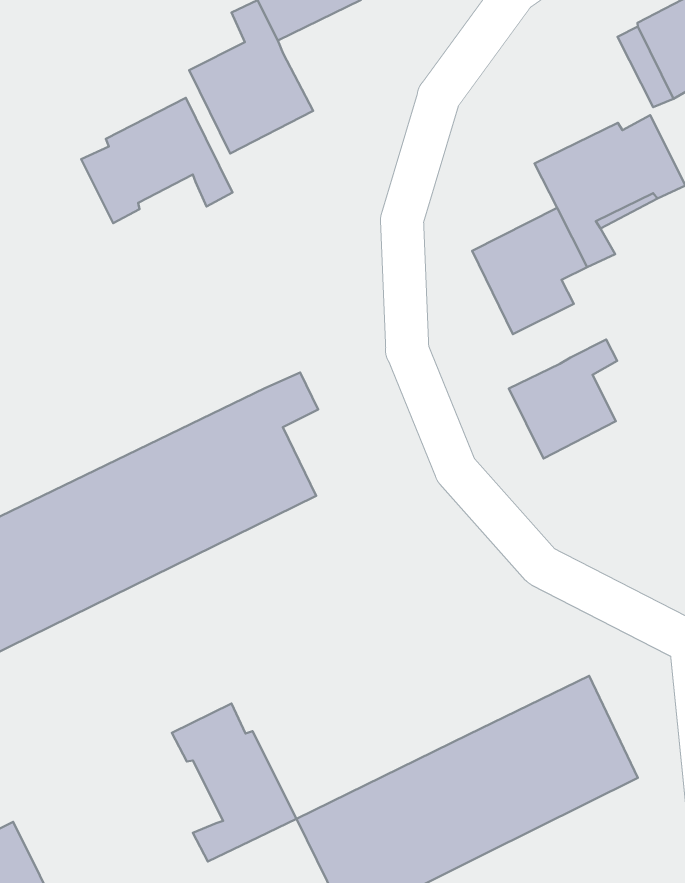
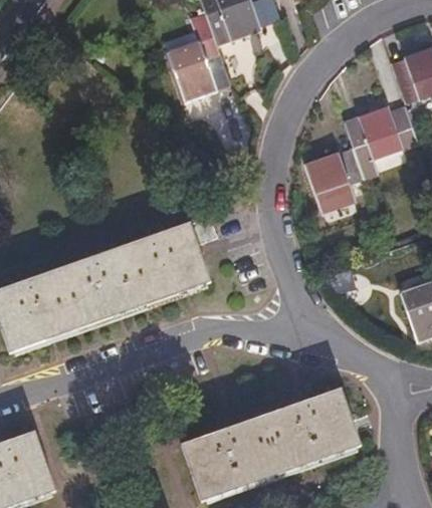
building: [81,98,233,223] -> none
building: [509,339,617,458] -> none
building: [172,704,296,861] -> none

